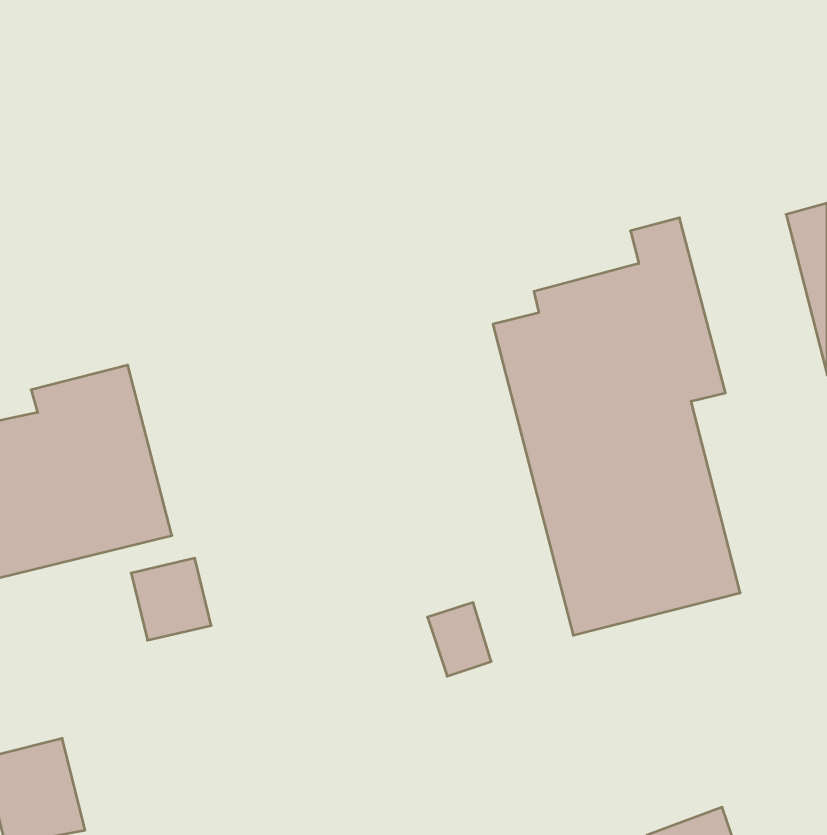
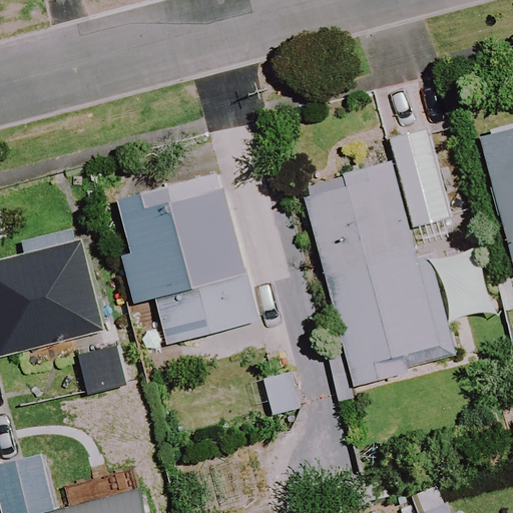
building: none -> [118,166,262,369]

